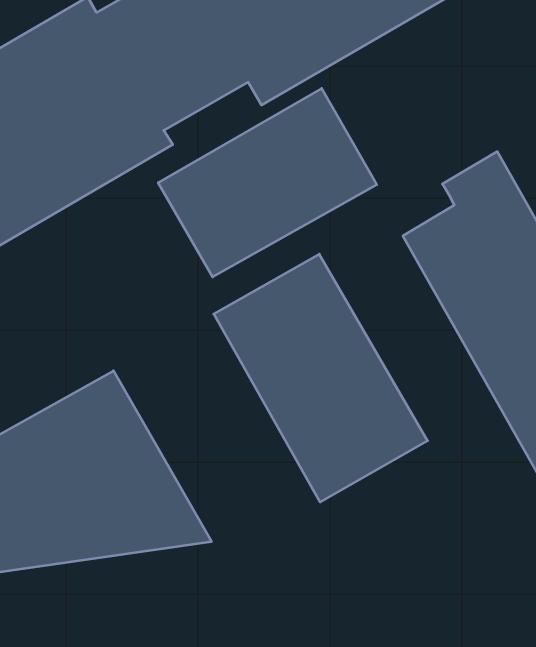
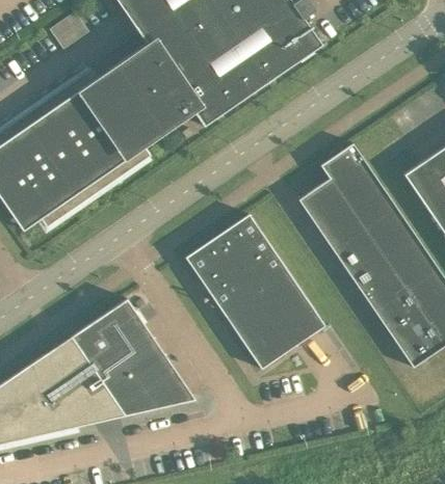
building: [158,88,377,277] -> none

